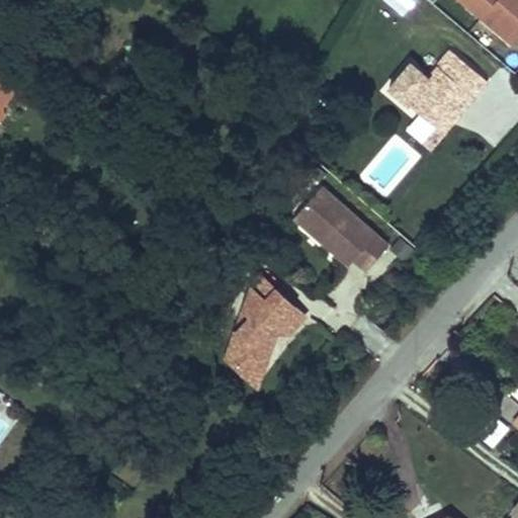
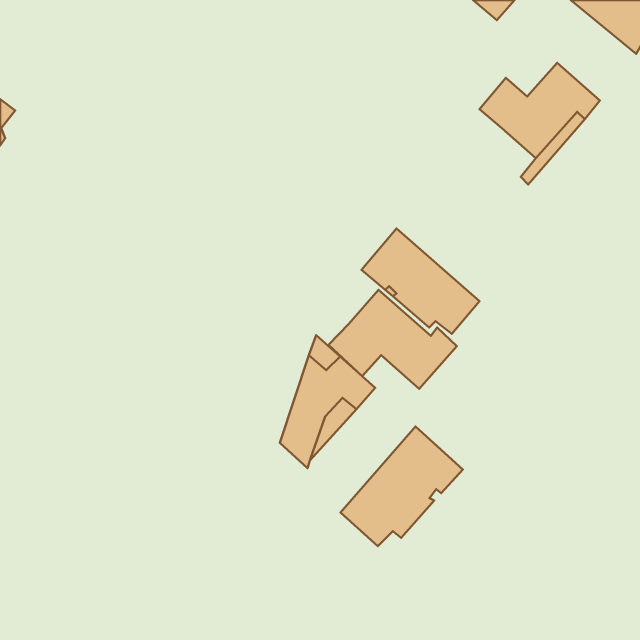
building: none -> [329,290,457,389]
building: none -> [340,426,463,546]

